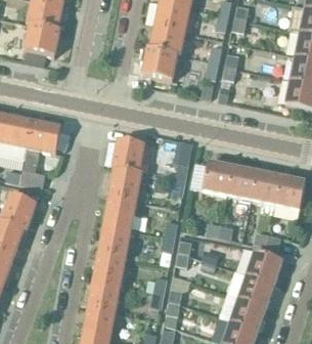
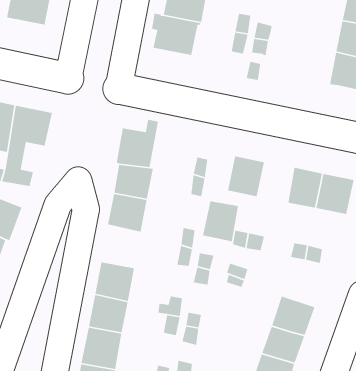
building: [226,166,256,200] -> [202,200,239,242]
building: [99,217,132,252] -> none
building: [246,250,281,284] -> none

